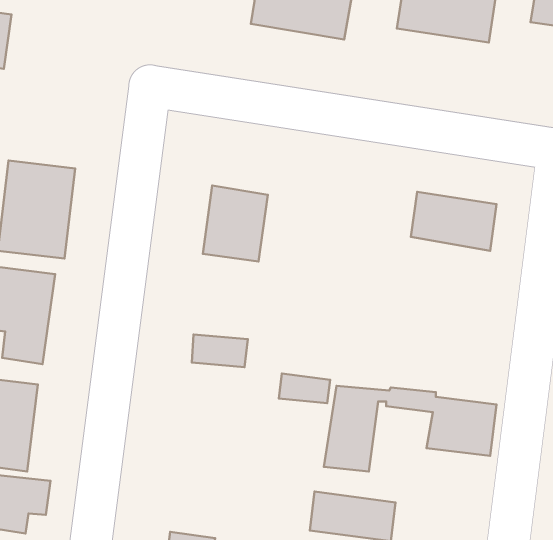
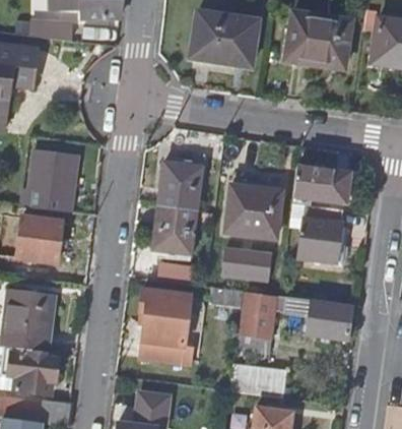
building: none -> [228,186,284,238]
building: none -> [300,203,343,259]
building: none -> [154,208,197,254]
building: none -> [218,246,268,281]
building: none -> [139,287,193,365]

